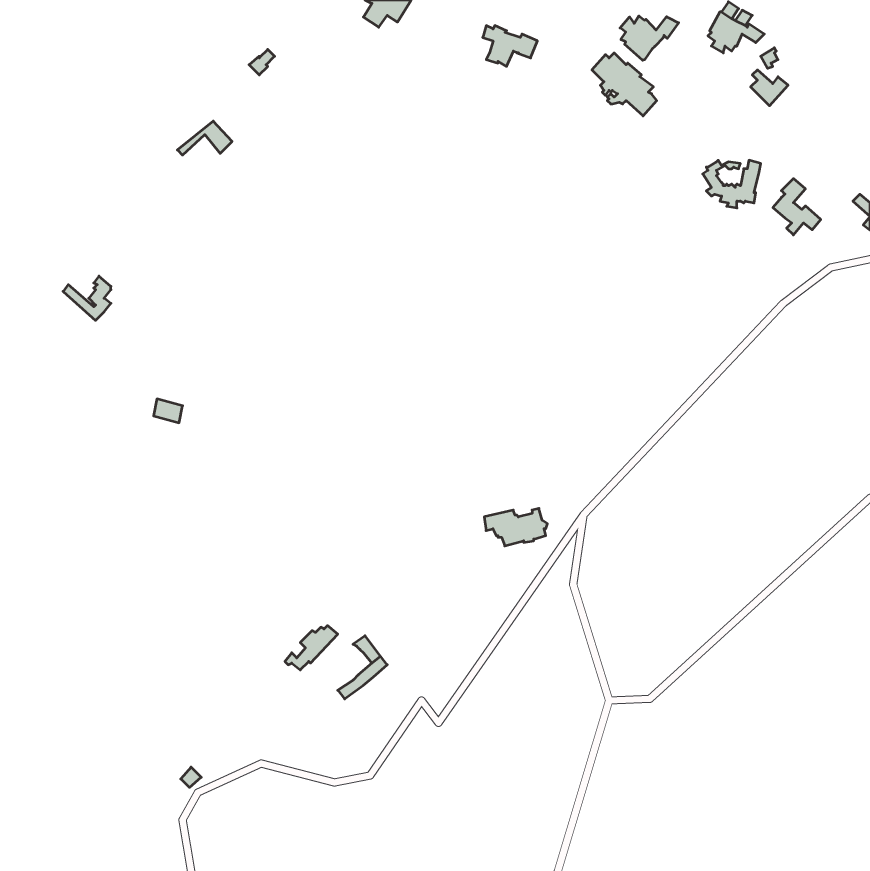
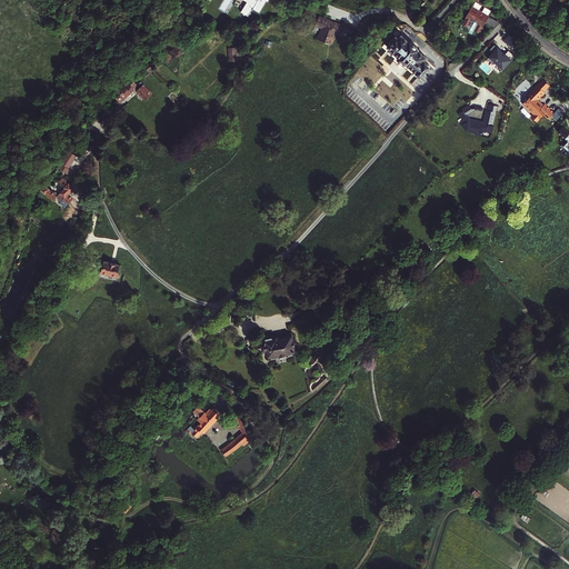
building: [620,16,679,60] -> none
building: [773,179,821,235] -> [521,83,552,120]
building: [484,508,547,546] -> [254,332,296,357]

